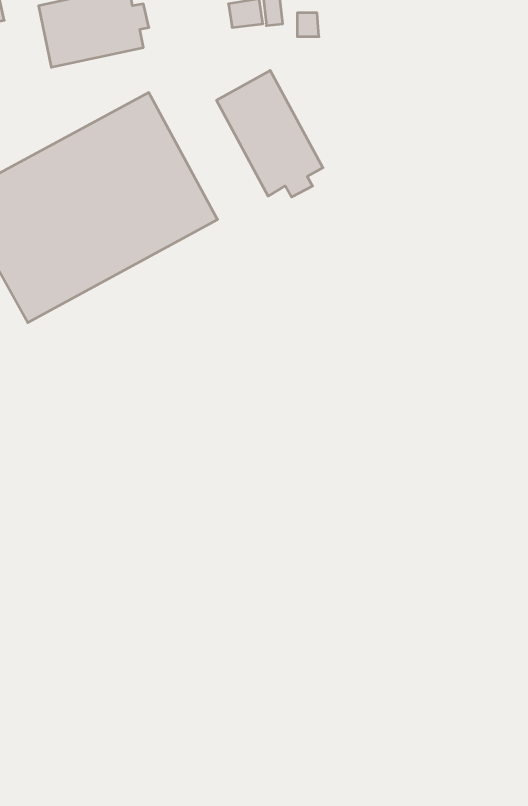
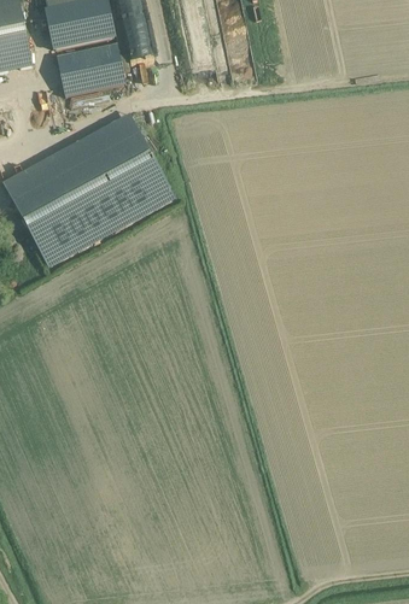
building: [217,70,323,197] -> none

